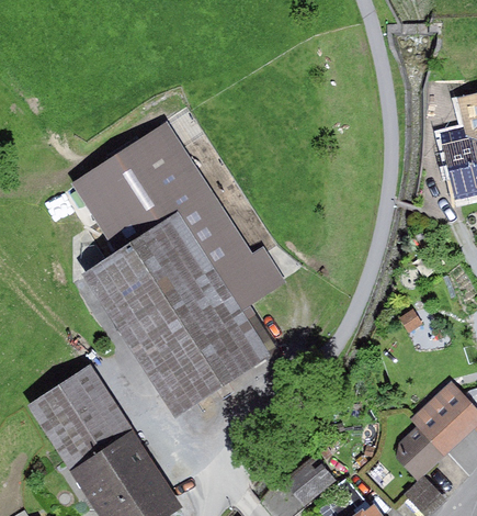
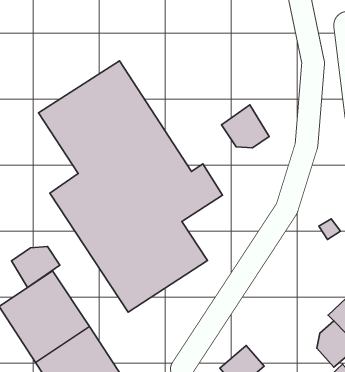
building: none -> [222,105,269,148]
building: none -> [12,246,60,287]

